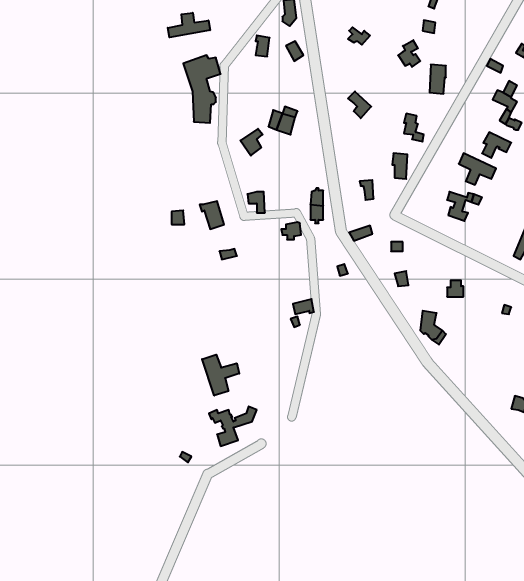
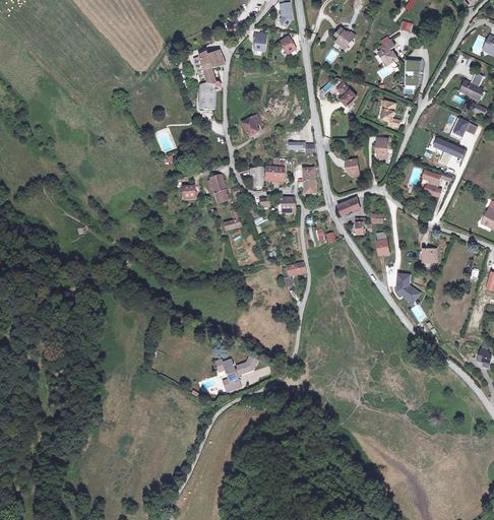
building: [168,13,210,37] -> none
building: none -> [266,158,286,182]
building: [202,355,239,396] -> none

